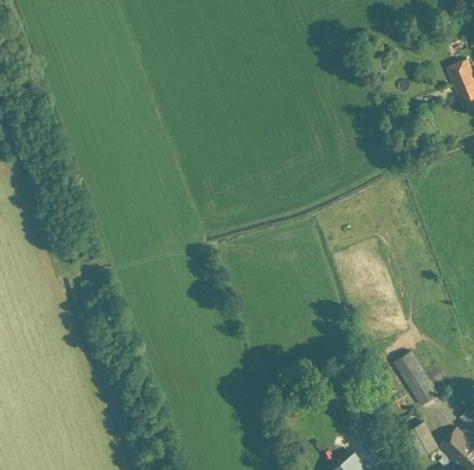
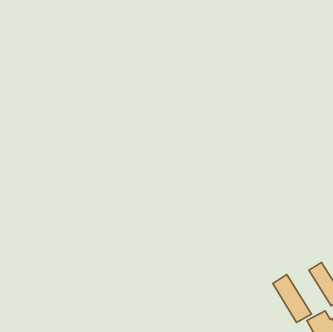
building: none -> [273,274,312,323]

